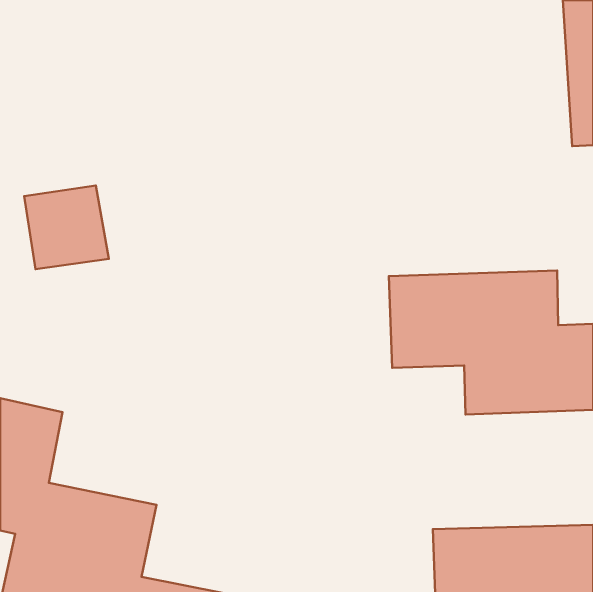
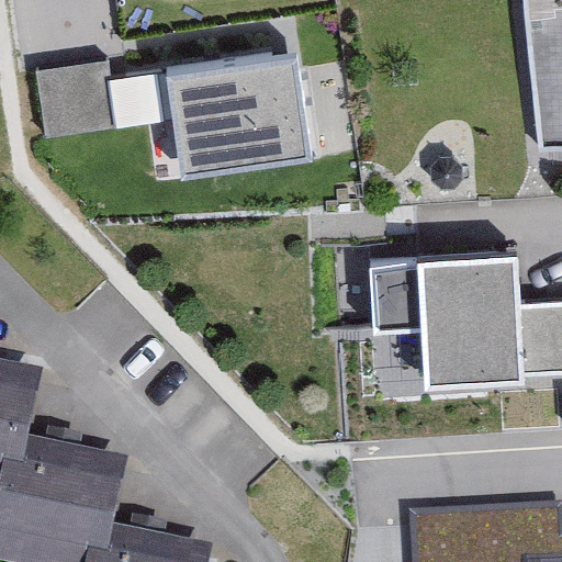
building: none -> [166,46,308,166]
building: [24,186,109,269] -> [37,57,117,136]

